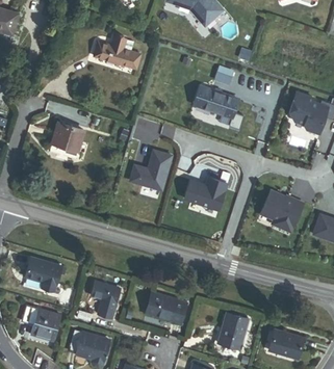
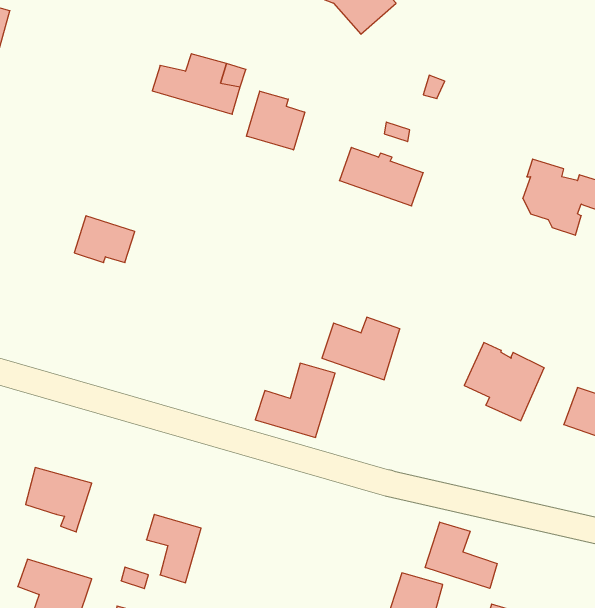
building: none -> [246,91,305,150]
building: [129,150,172,189] -> [255,363,335,437]
building: none -> [425,522,497,588]
building: [147,291,186,323] -> none

